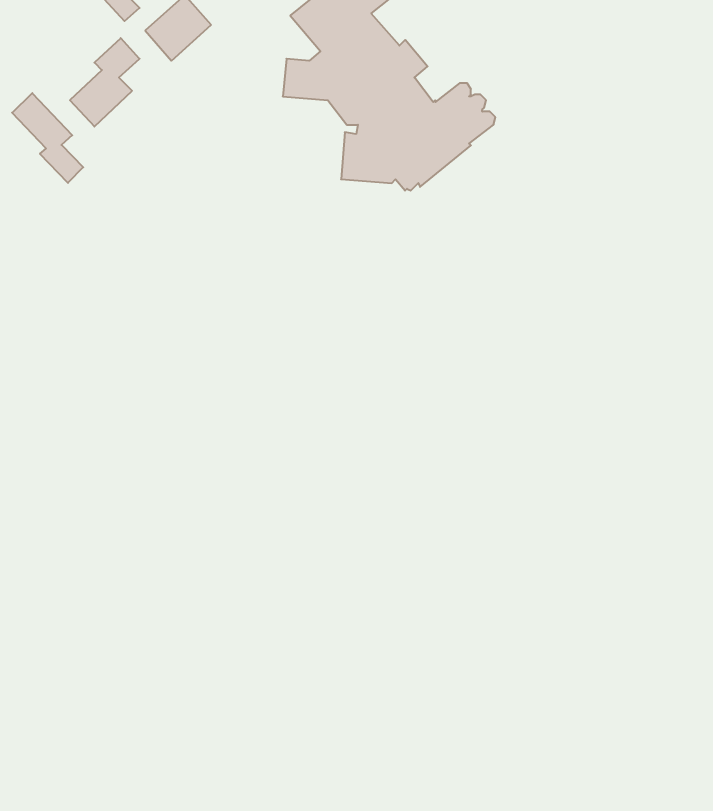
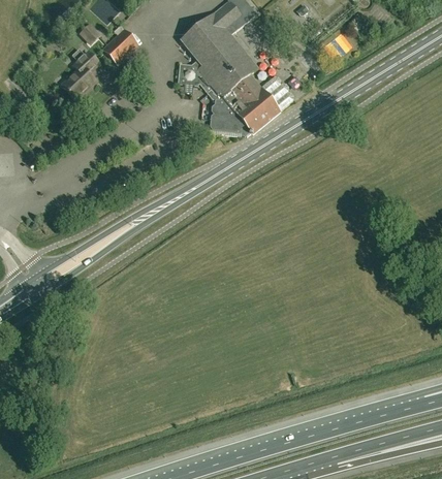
building: [12,93,83,183] -> none

